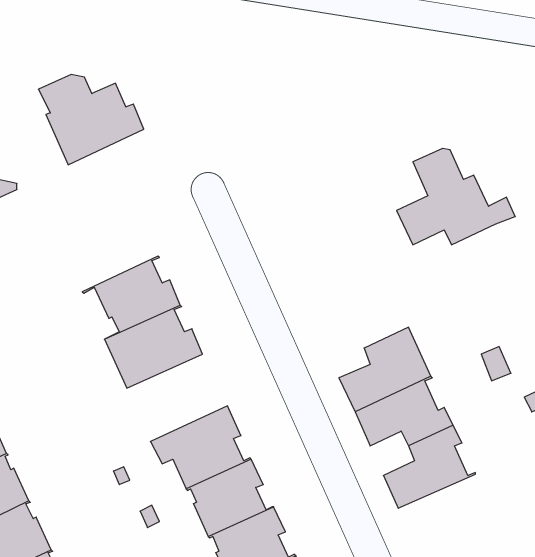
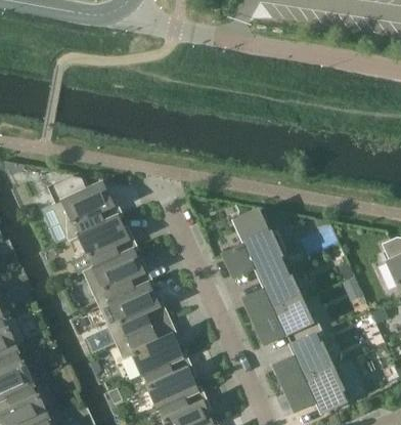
building: [38,74,144,165] -> [48,177,121,240]
building: [397,148,515,245] -> [225,212,307,279]
building: none -> [99,283,169,343]
building: none -> [286,366,356,414]

